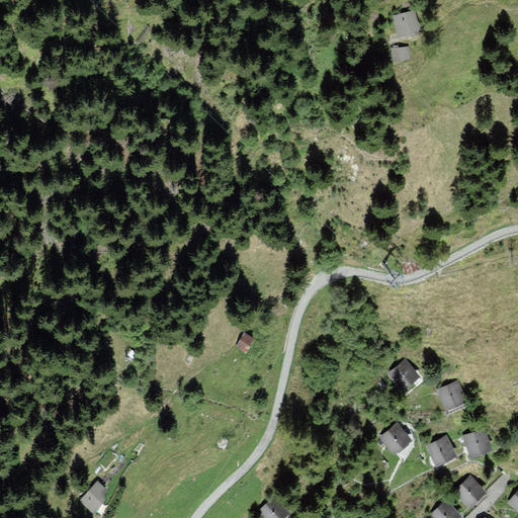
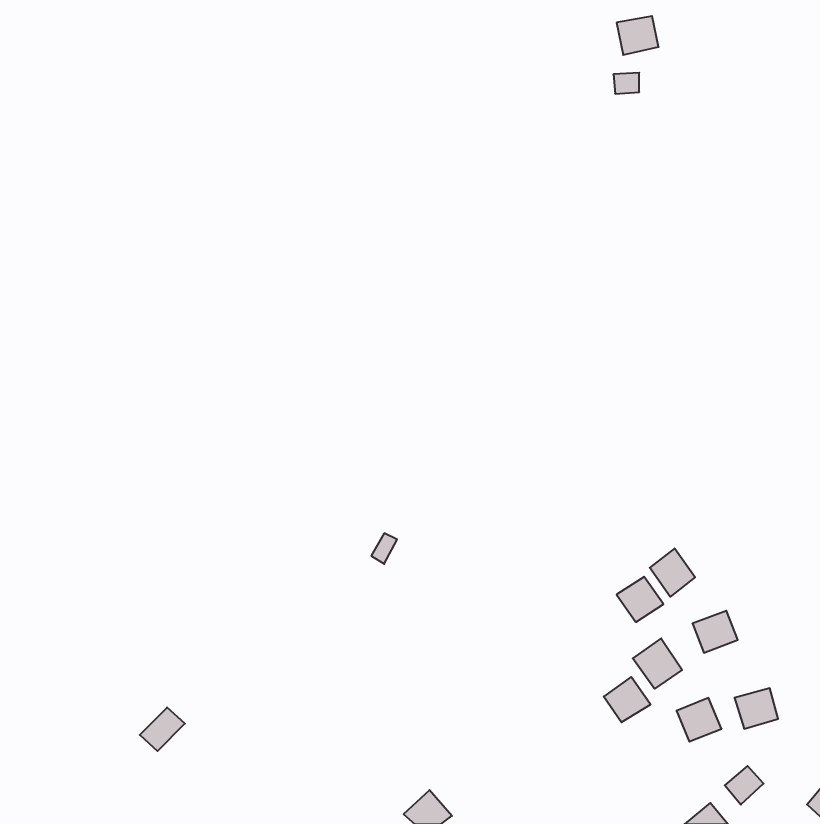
building: none -> [650,548,695,597]
building: none -> [633,638,682,689]
building: [80,483,108,510] -> [140,707,185,751]

